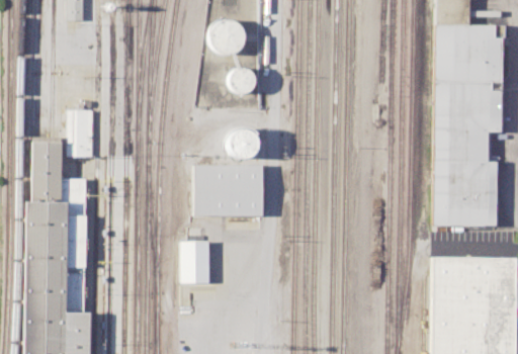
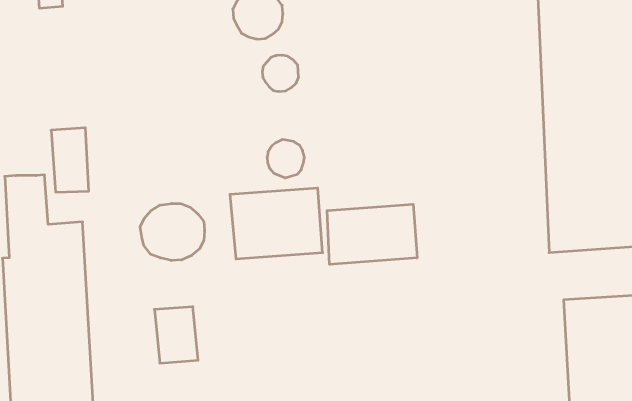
building: none -> [140,203,204,261]
building: none -> [327,204,417,264]
building: [180,241,209,280] -> [154,307,198,363]

